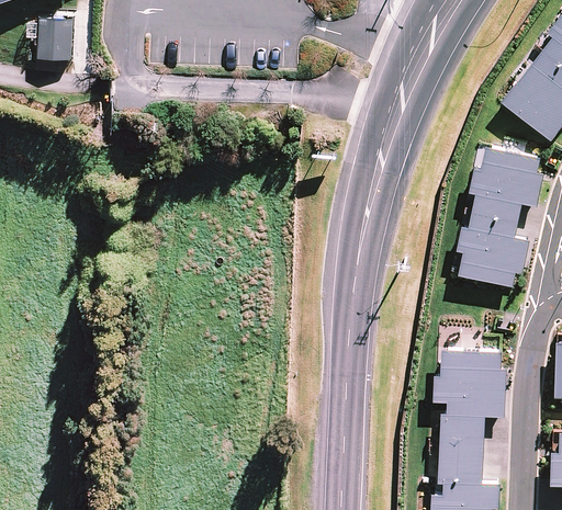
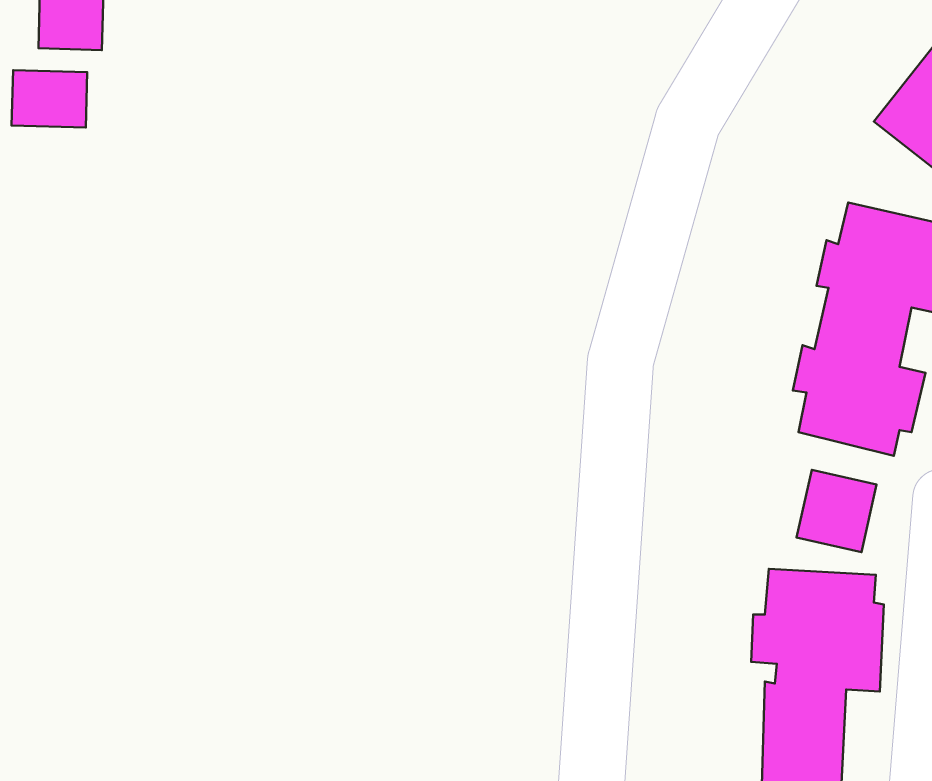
building: none -> [11,70,87,127]
building: none -> [797,470,877,552]

